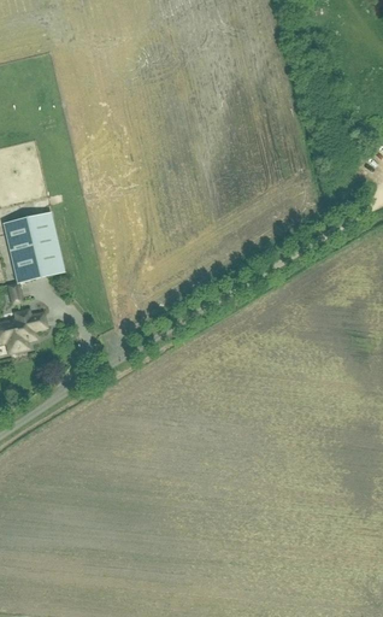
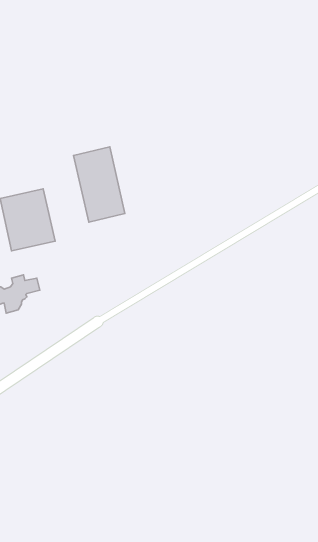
building: none -> [74,147,125,222]

